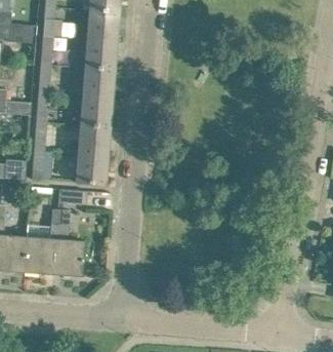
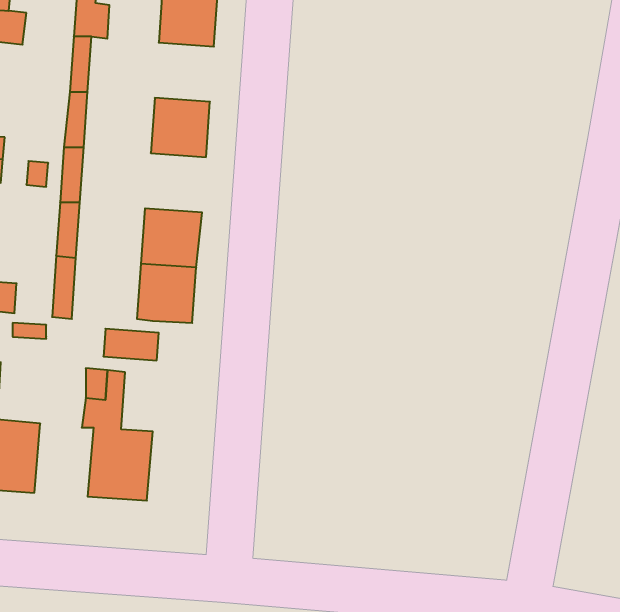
building: [85,38,116,69] -> none
building: [80,95,112,126] -> none
building: [23,236,53,274] -> none

